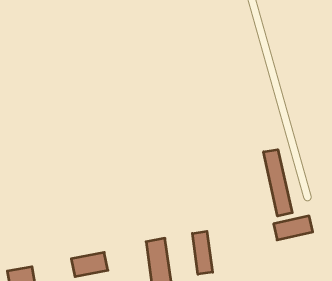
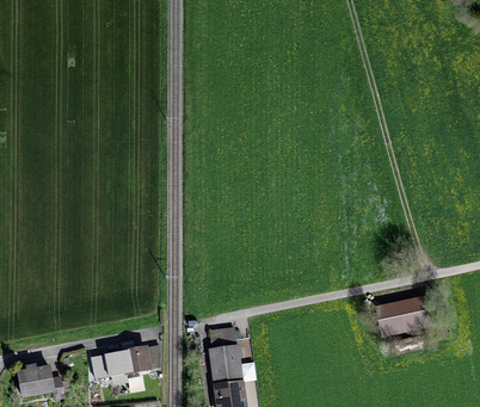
building: [264,150,292,216] -> none
building: [192,231,213,274] -> none

